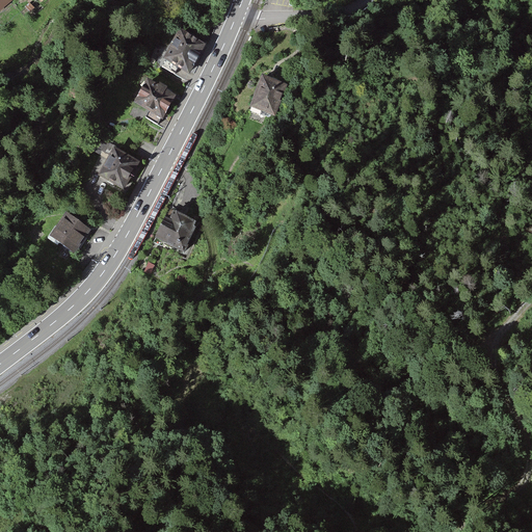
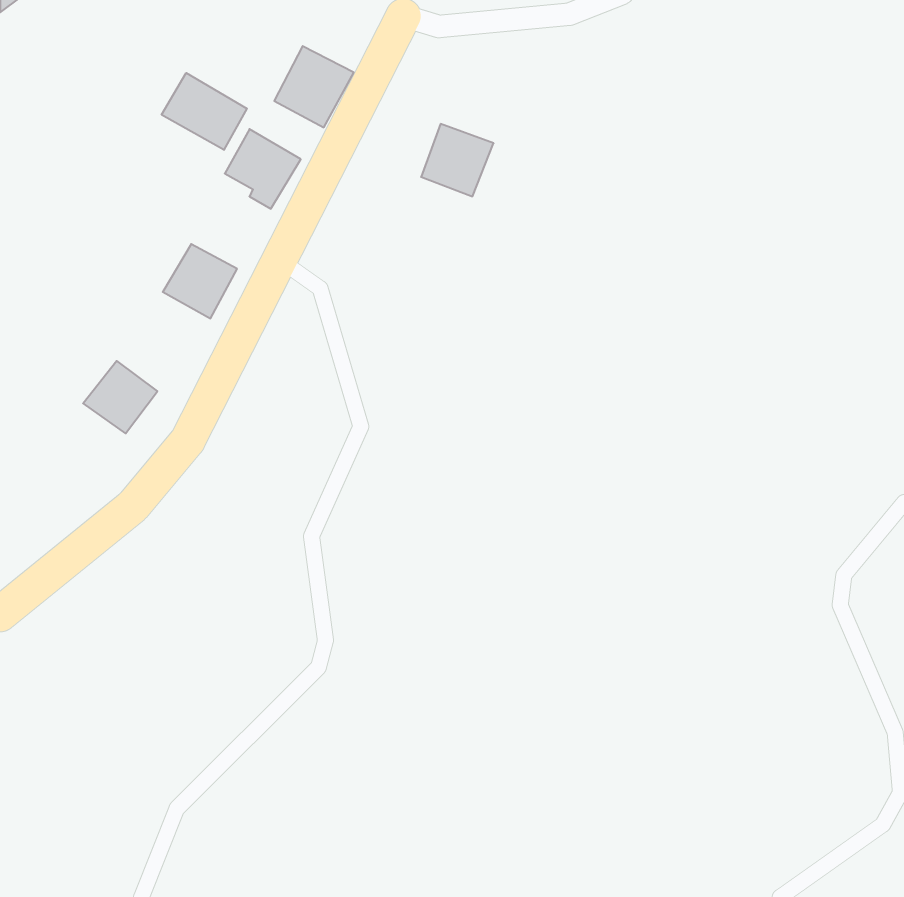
building: none -> [162,73,247,150]
building: [155,212,198,250] -> none

